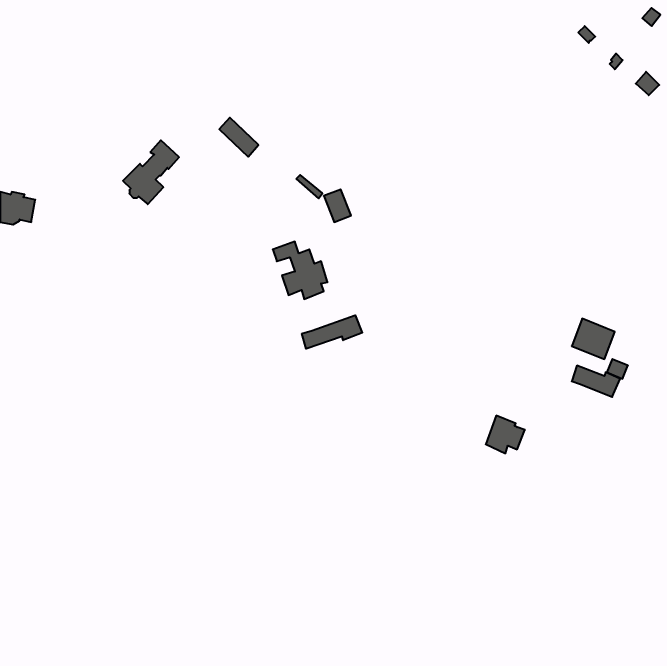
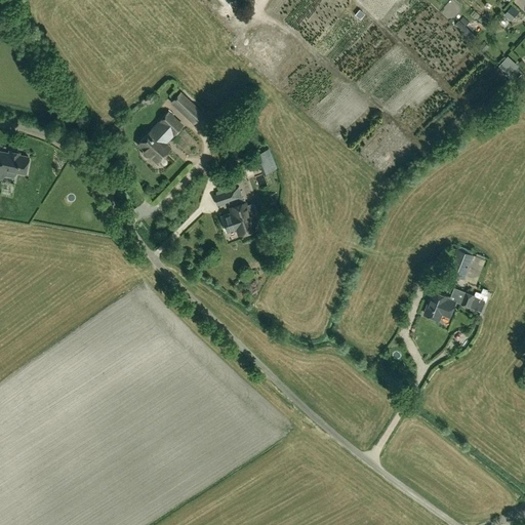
building: [123,140,179,204] -> [138,113,183,163]
building: [302,315,362,349] -> none
building: [486,416,525,453] -> [425,291,455,321]

